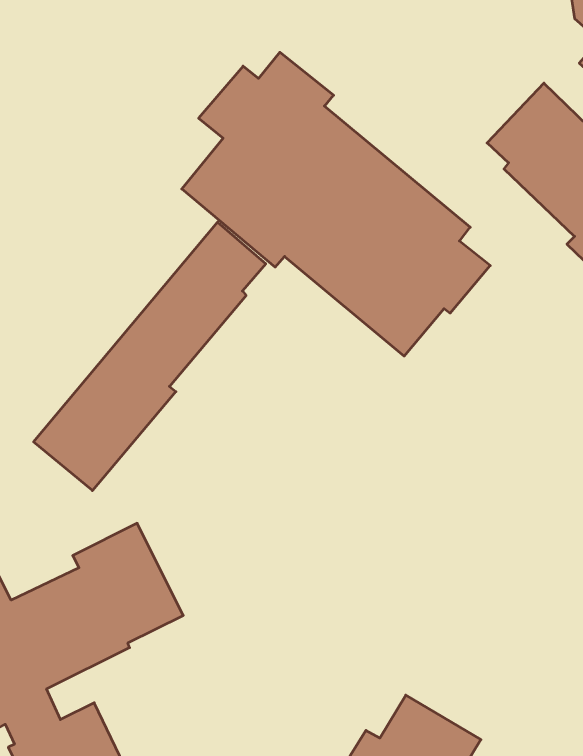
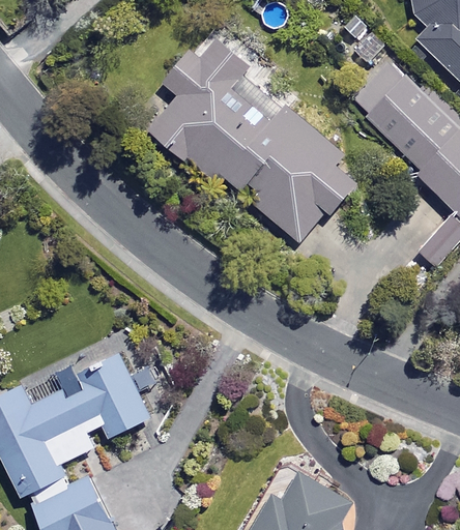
building: [34,222,266,491] -> none

